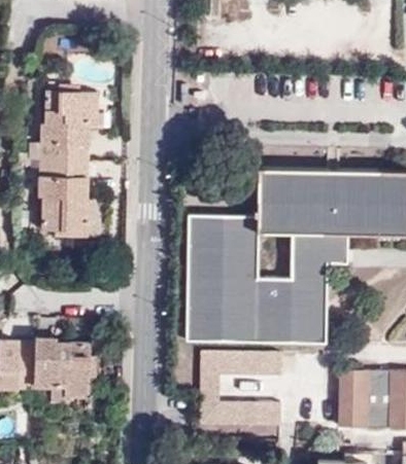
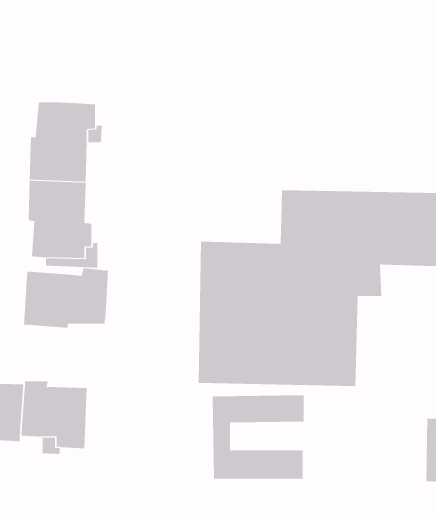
building: none -> [23,268,108,329]
building: [336,369,368,425] -> none

